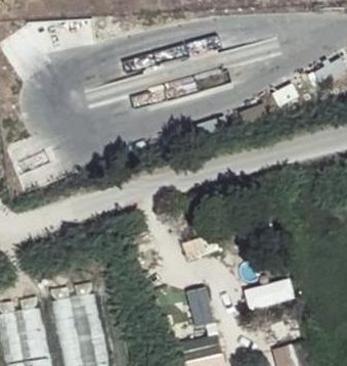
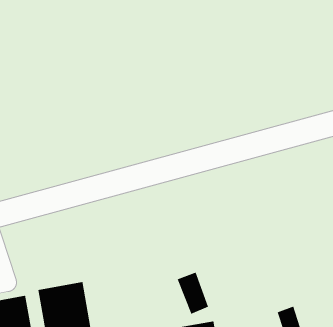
building: [246,277,297,311] -> none

